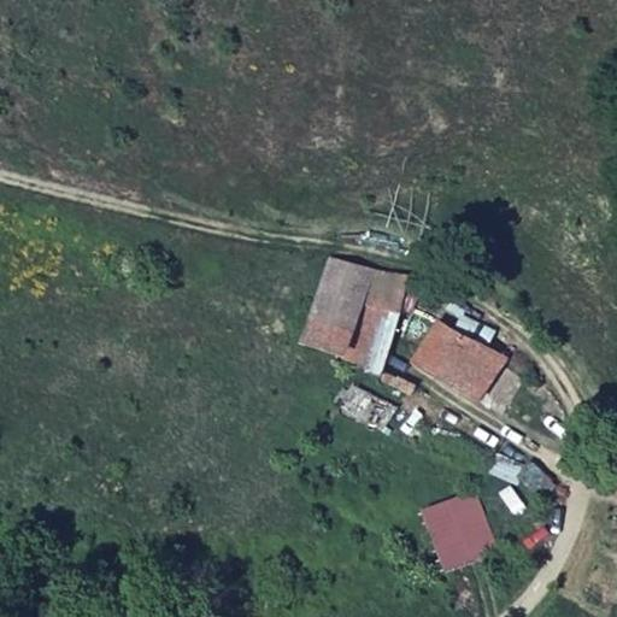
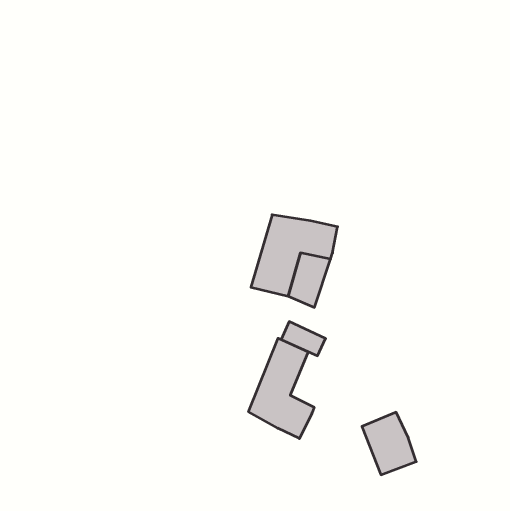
building: [411,322,501,400] -> none
building: none -> [249,338,314,439]

